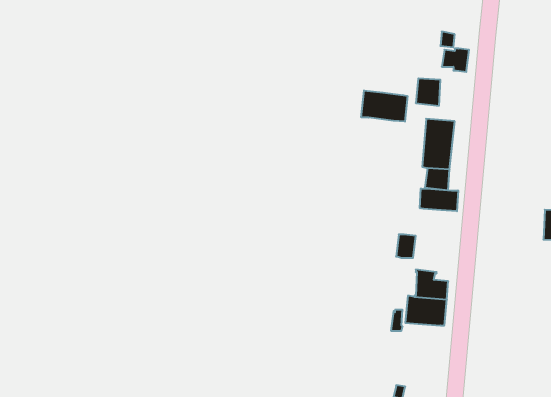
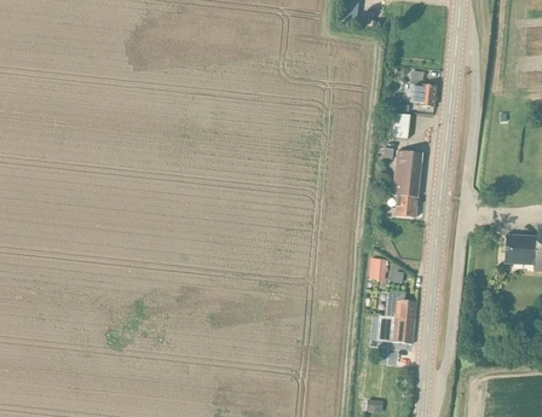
building: [361,90,407,122] -> none
building: [420,188,458,211] -> none

